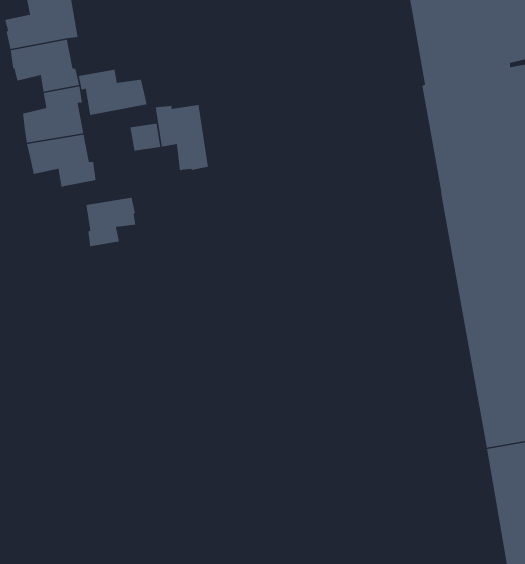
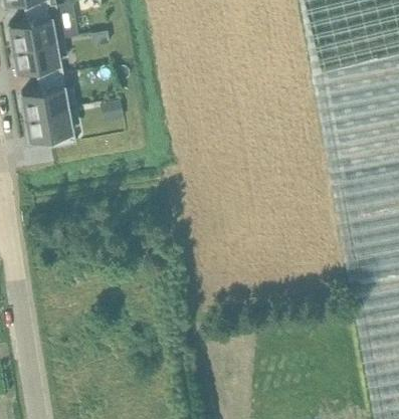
building: [78,69,147,116] -> none
building: [155,104,209,171] -> none
building: [85,197,136,247] -> none

